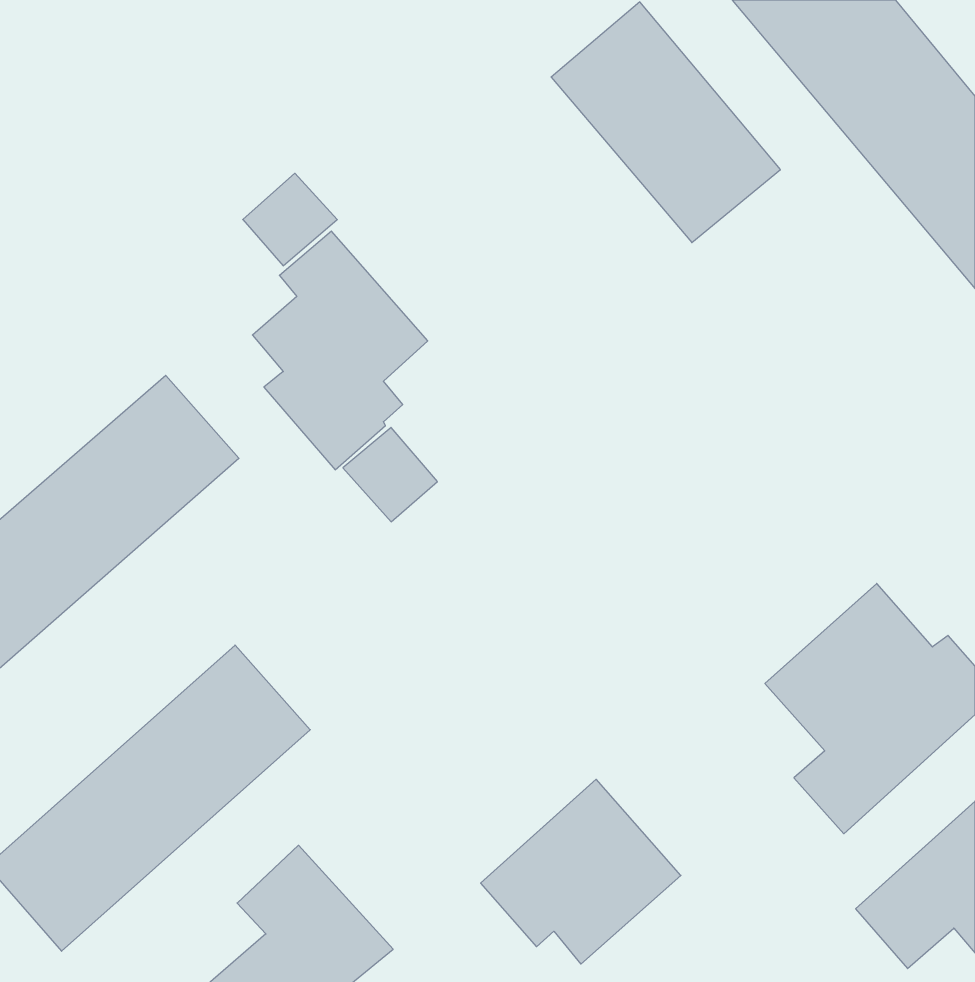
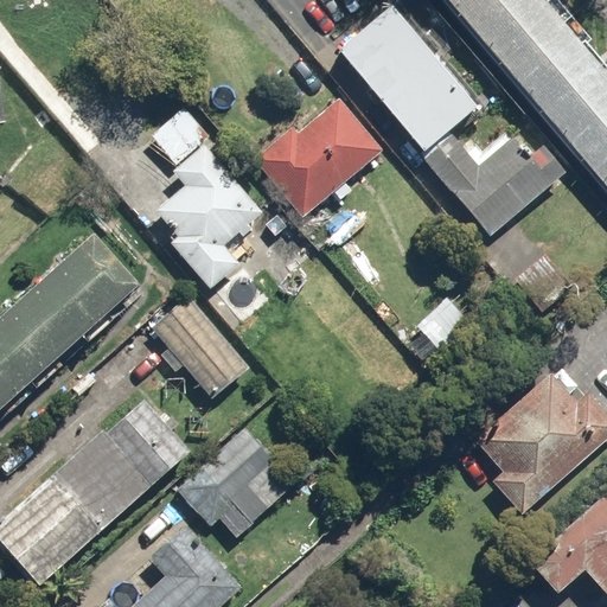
building: none -> [251,98,382,217]
building: none -> [426,128,568,237]
building: none -> [146,294,250,402]
building: [481,779,681,964] -> [173,426,296,539]

